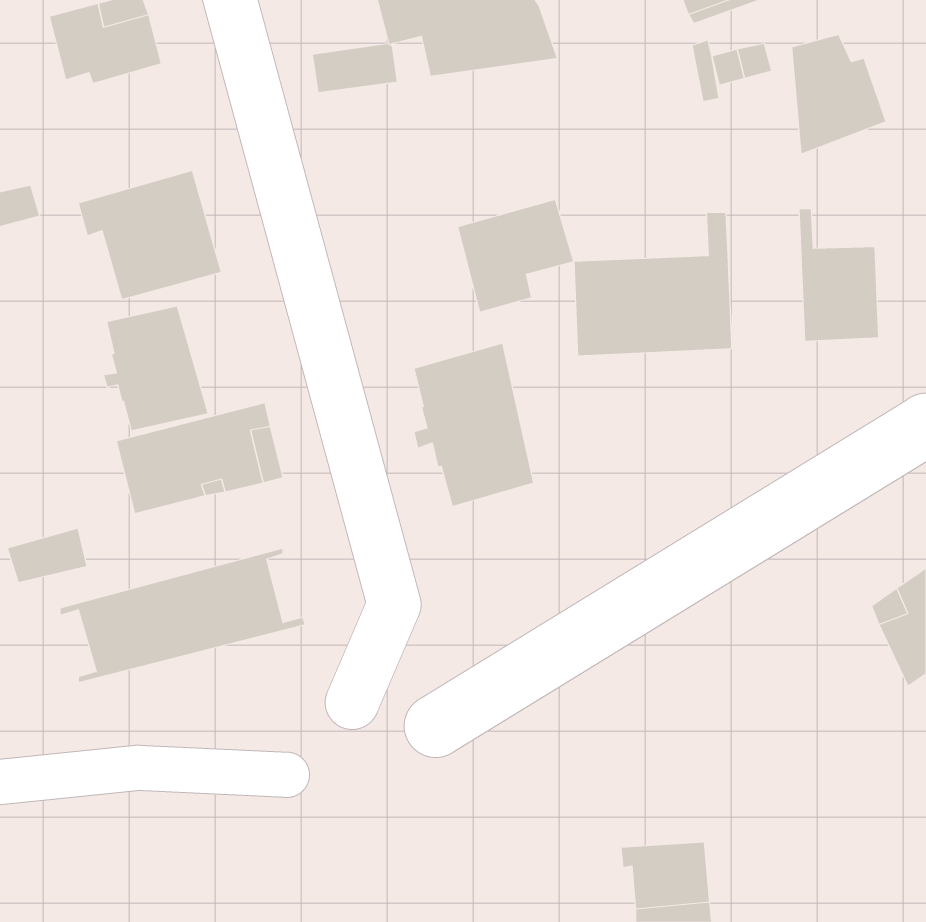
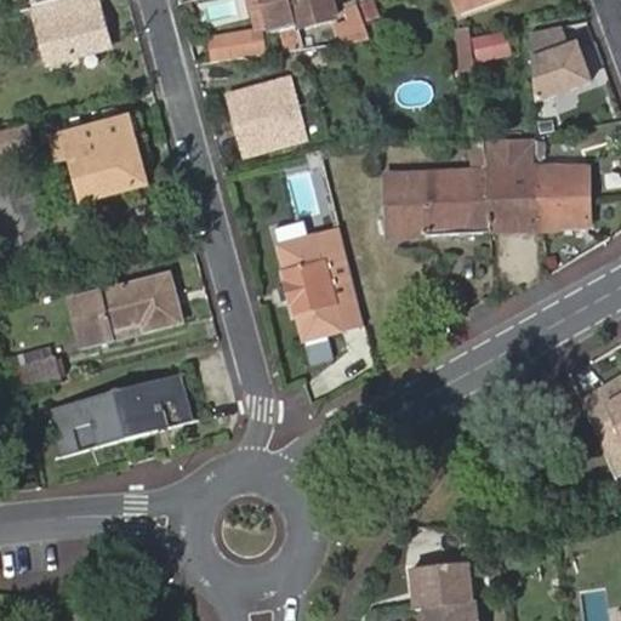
building: [458,200,574,312] -> [232,78,309,153]
building: none -> [485,139,537,229]
building: [103,306,208,431] -> none

